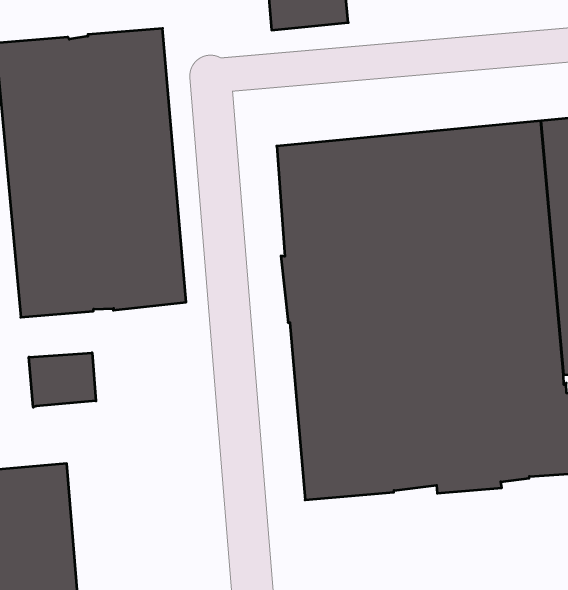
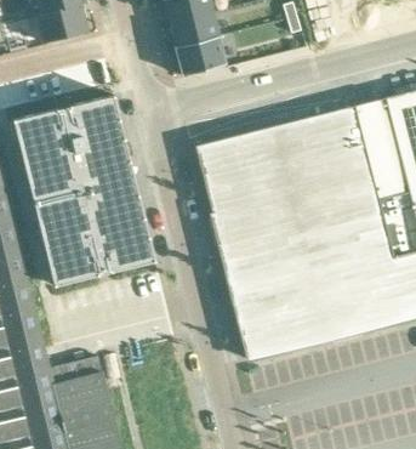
building: [29,353,96,407] -> none

